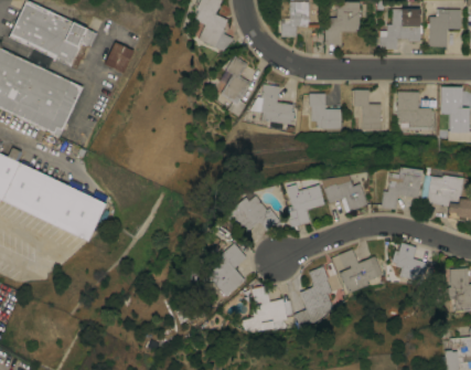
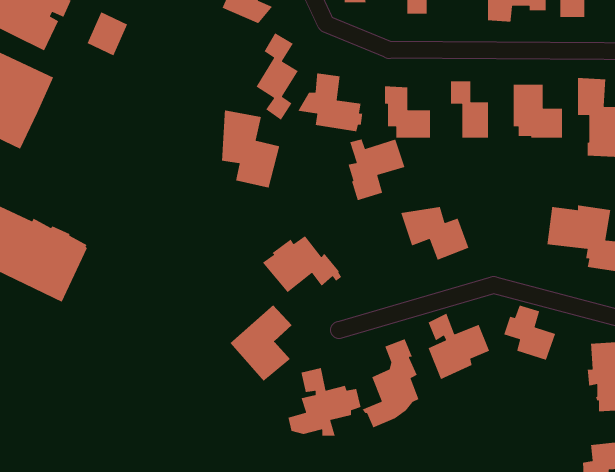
building: none -> [221,110,280,189]
building: [381,167,421,210] -> none
building: [285,184,324,228] -> [348,138,406,201]

